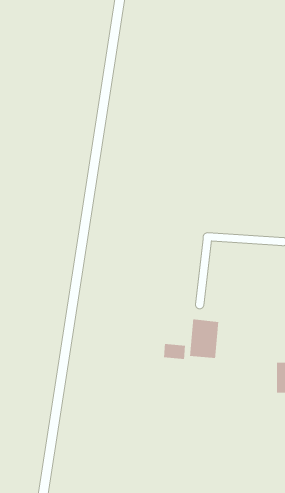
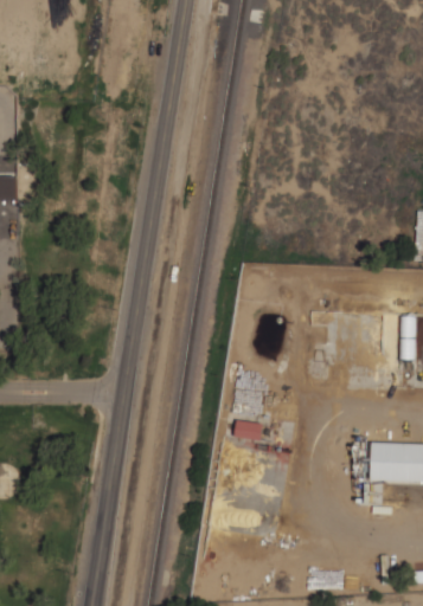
building: [189,319,219,359] -> none

